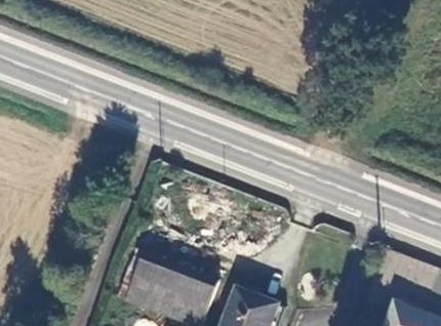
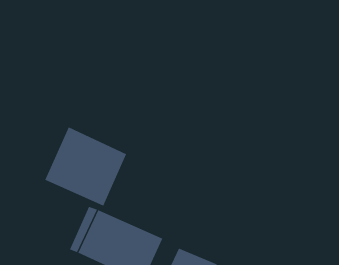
building: none -> [45,127,127,206]

